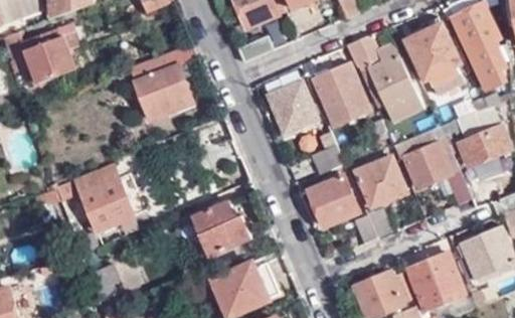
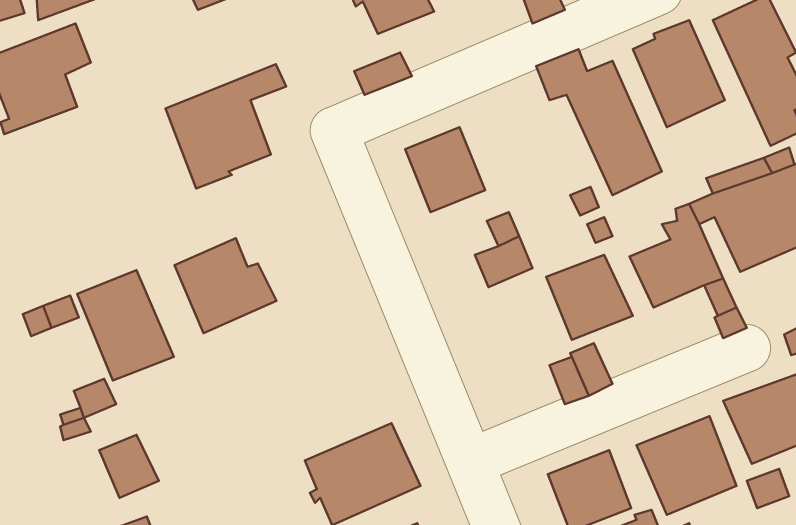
building: [313,62,370,128] -> none
building: [309,174,359,228] -> none
building: [191,200,251,257] -> [174,238,276,333]

